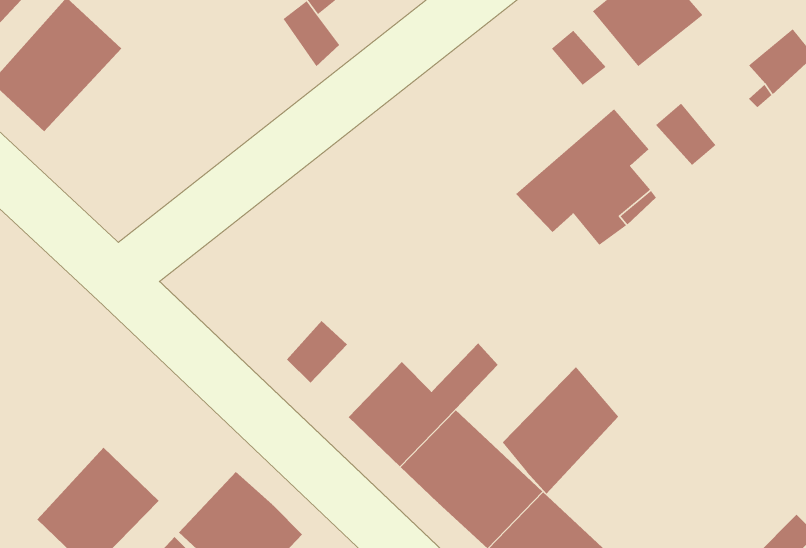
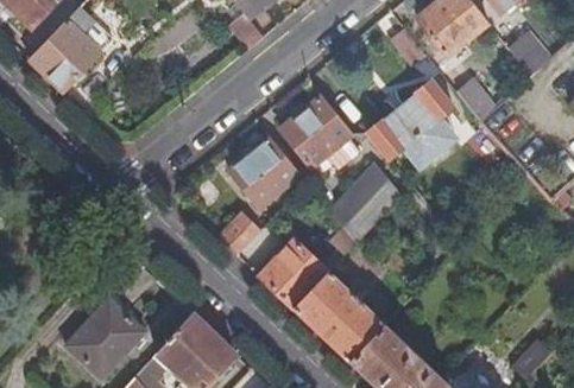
building: none -> [282,95,361,167]
building: none -> [229,138,298,206]
building: [502,366,619,495] -> [329,163,404,244]

